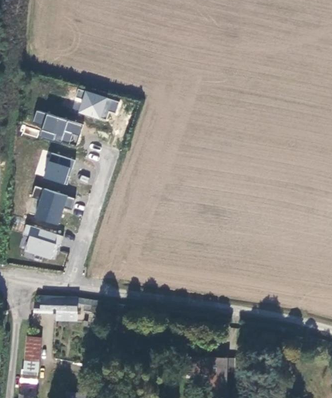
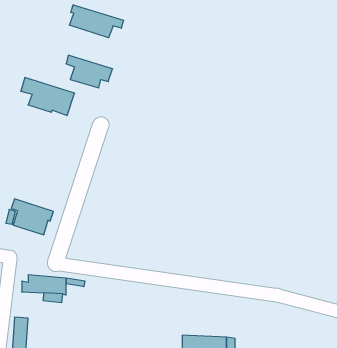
building: none -> [69,5,124,38]
building: [43,153,75,185] -> none
building: [31,185,75,224] -> none

